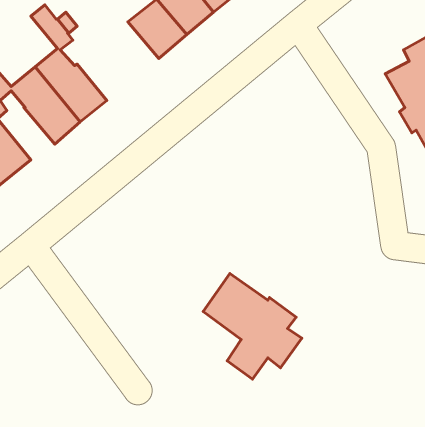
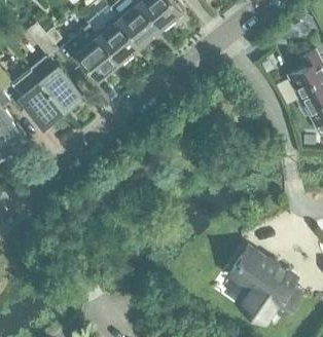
building: none -> [65,30,120,80]
building: [203,274,302,379] -> [228,248,300,325]

